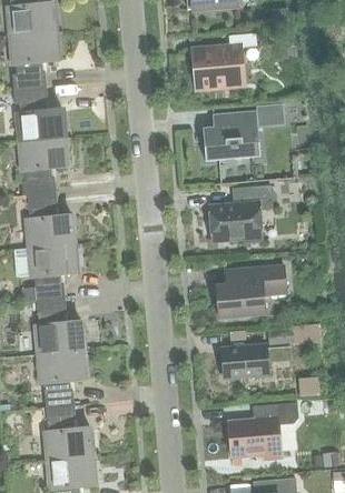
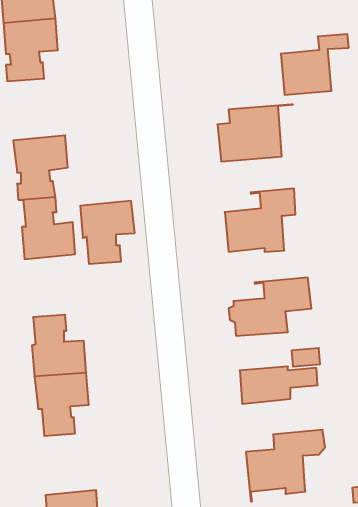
building: [195,32,256,87] -> [281,34,349,95]
building: [12,85,65,141] -> none
building: [28,243,77,300] -> [80,201,135,264]
building: [43,404,92,460] -> none

